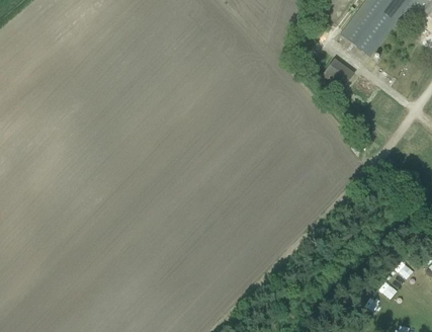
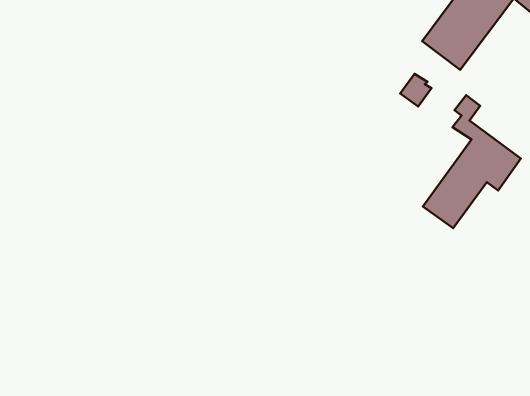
building: none -> [423,95,521,228]

